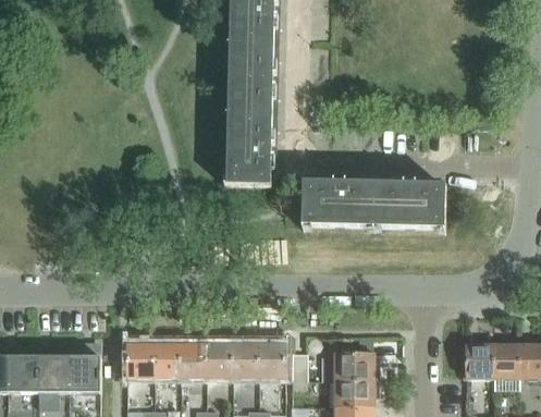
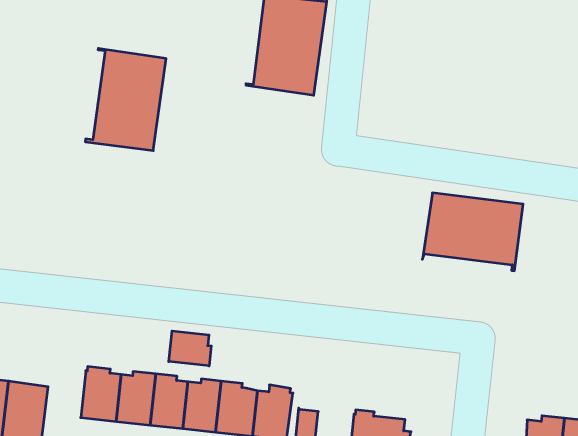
building: [221,113,275,186] -> [85,48,166,151]
building: [302,179,373,231] -> none
building: none -> [169,331,211,366]

